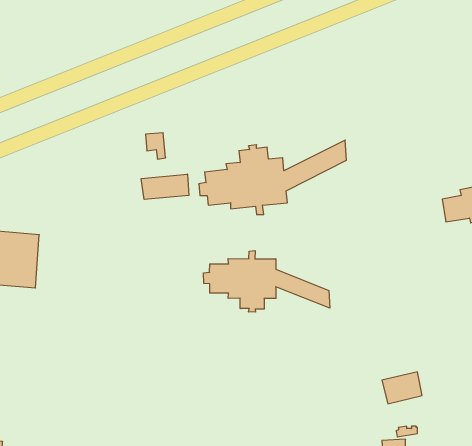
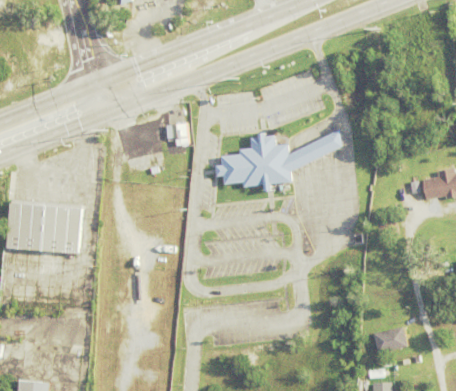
building: [141,174,189,199] -> none
building: [204,251,330,312] -> none

